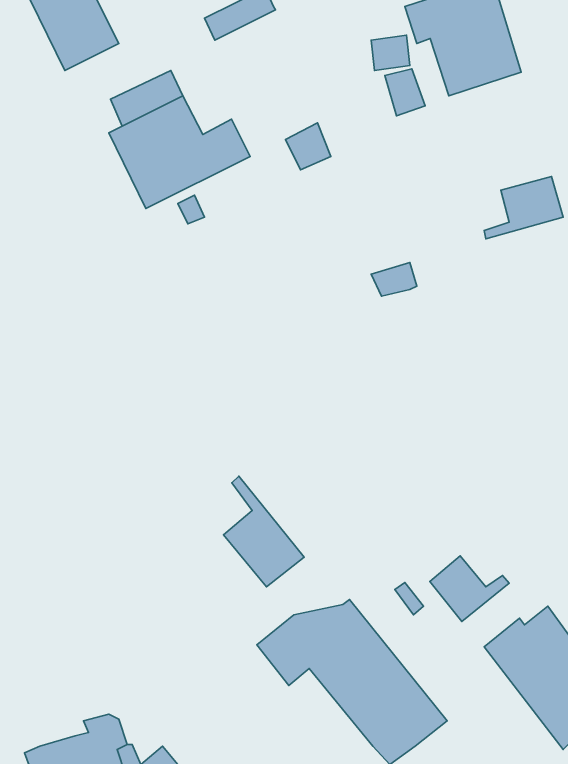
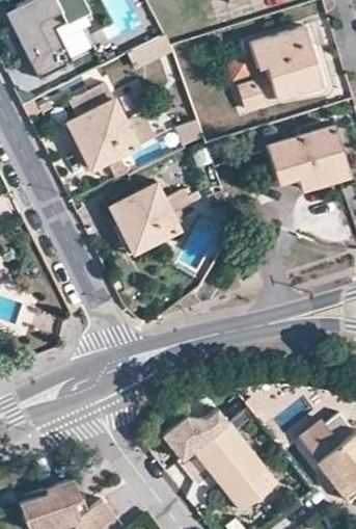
building: none -> [268,126,341,182]
building: none -> [109,182,180,252]
building: [224,476,304,587] -> none
building: [430,556,509,621] -> none

